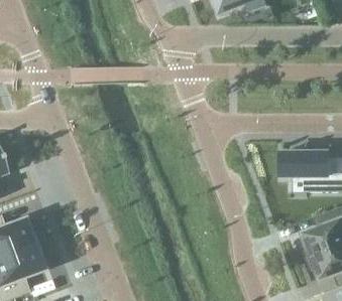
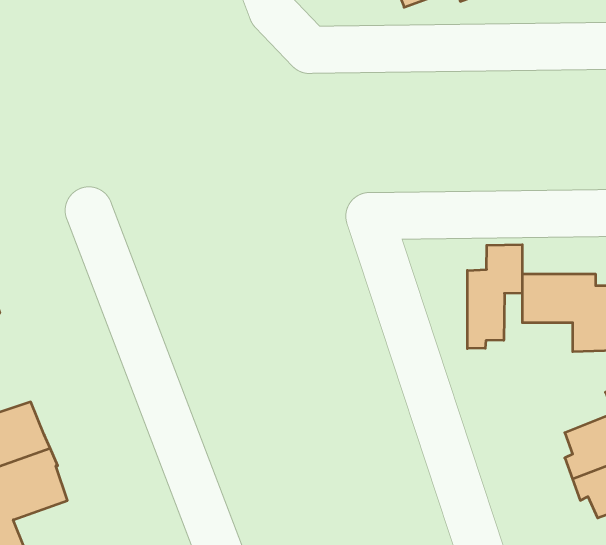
building: none -> [467,245,522,349]

